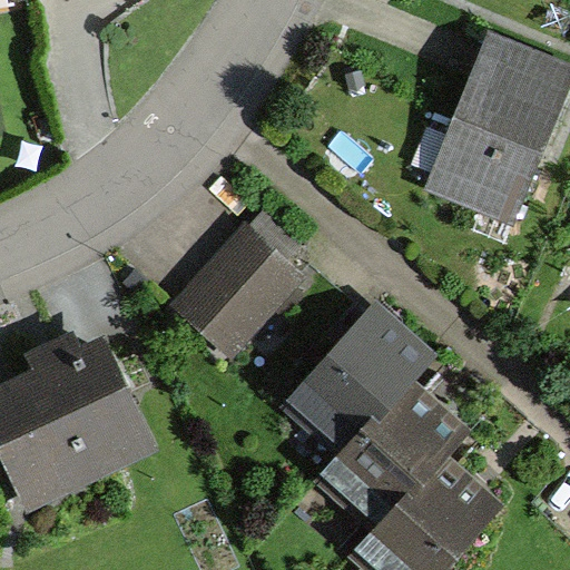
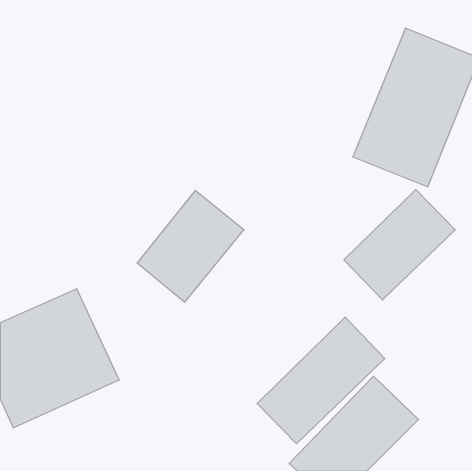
building: none -> [344,190,455,300]
building: [275,299,431,454] -> none

